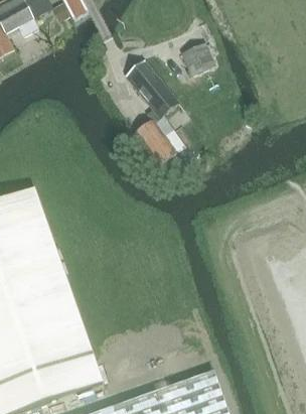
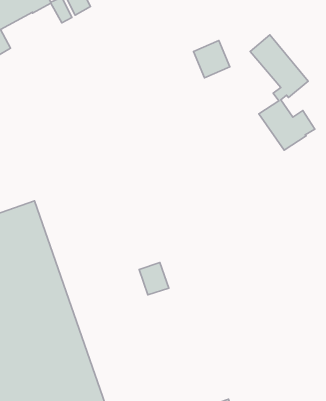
building: [125,59,184,165] -> [250,35,315,150]
building: none -> [139,263,169,295]

